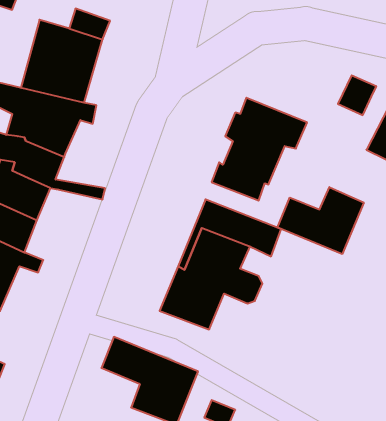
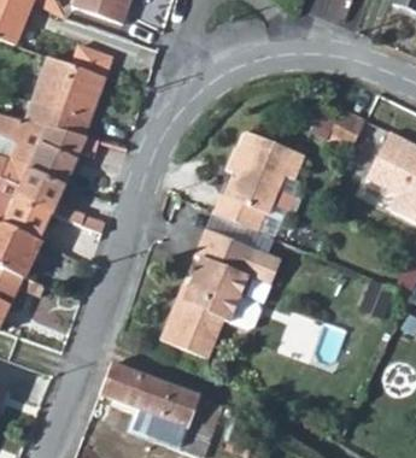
building: [277,187,364,254] -> none

